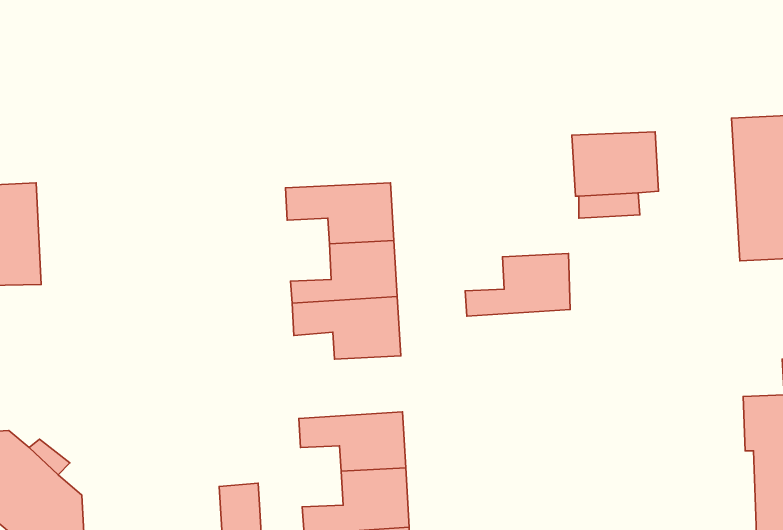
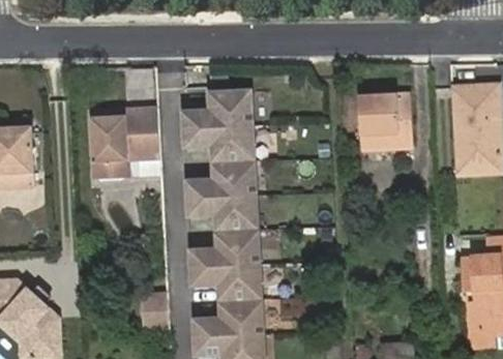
building: none -> [184,95,248,129]
building: none -> [90,106,160,177]
building: [465,253,570,316] -> [191,232,256,270]

